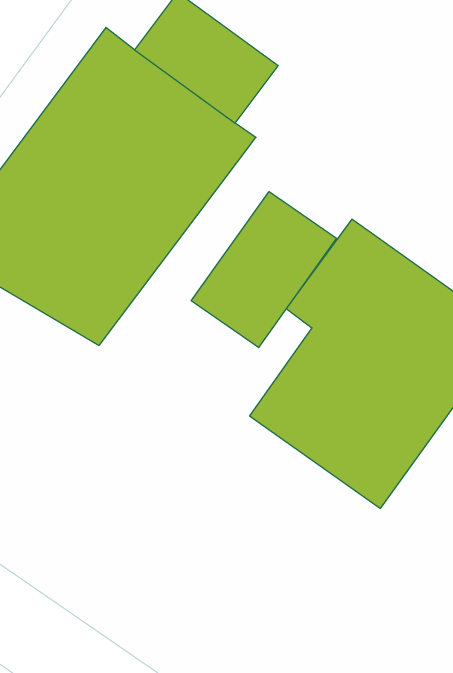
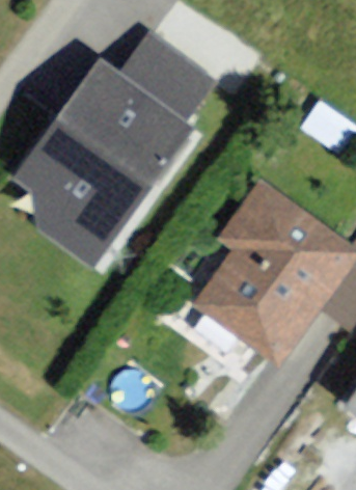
building: [191,192,337,348] -> none

